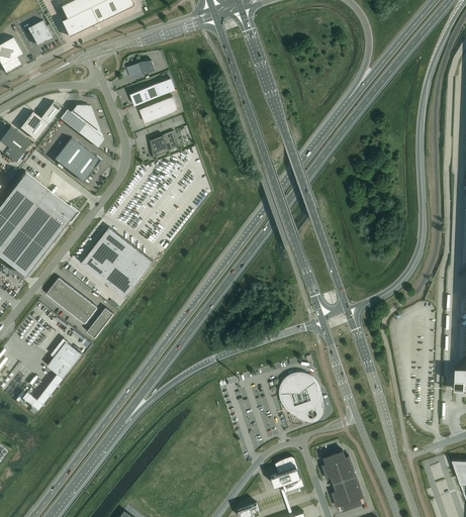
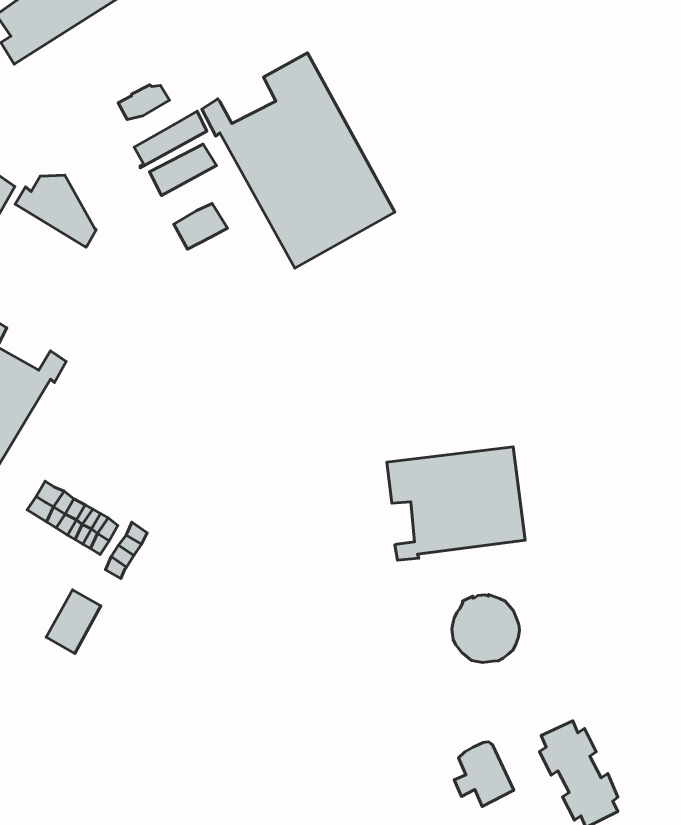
building: none -> [202,53,395,268]
building: [56,136,101,180] -> none
building: [83,234,147,295] -> none
building: none -> [387,447,525,560]

